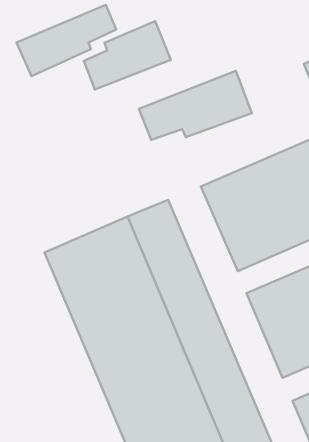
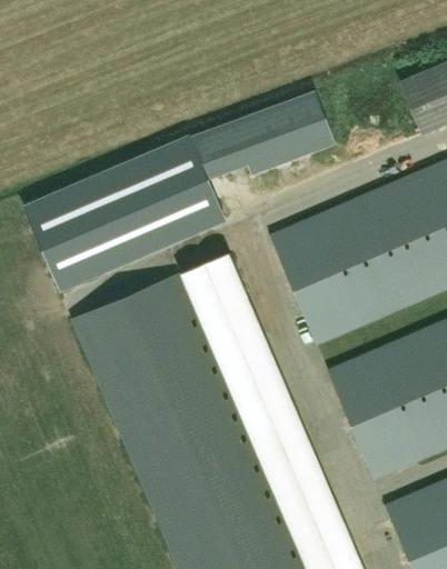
building: [17,5,116,76] -> none
building: [84,21,171,89] -> none
building: none -> [24,134,225,291]

